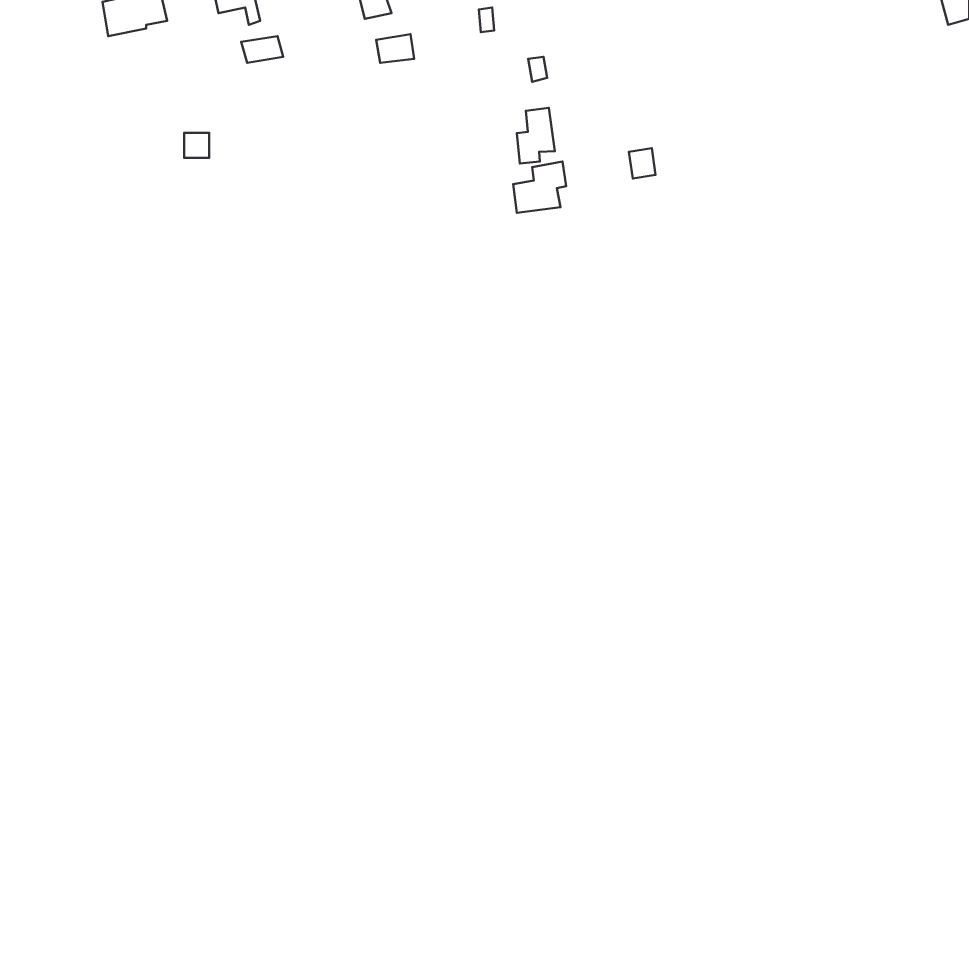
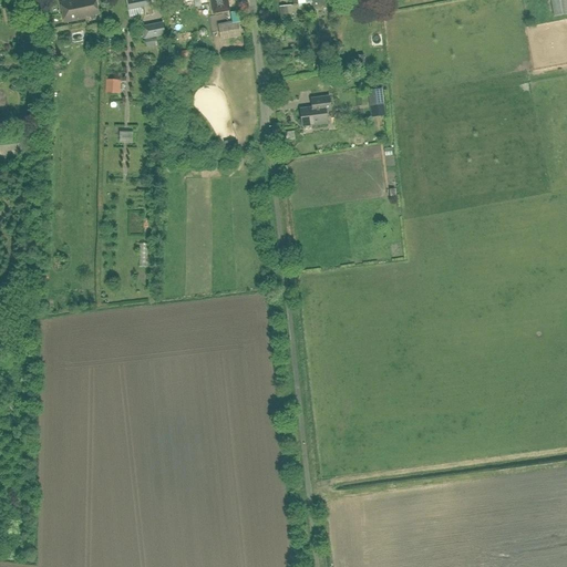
building: [517,108,555,164] -> none

